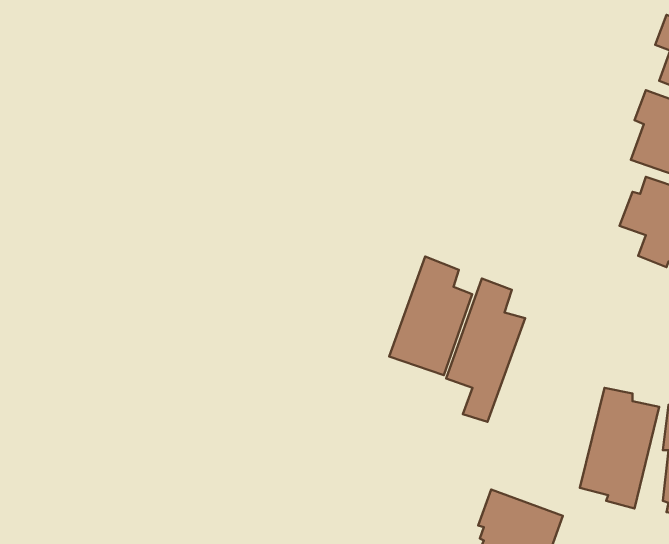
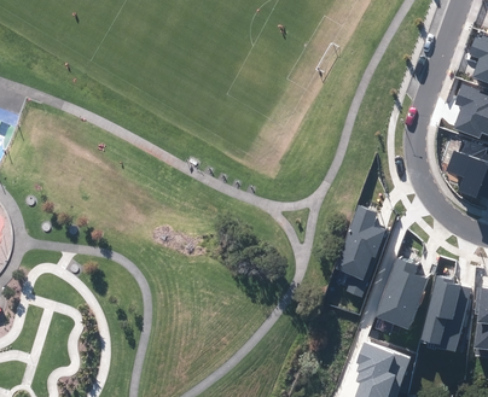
building: [389,257,472,375] -> [374,253,428,329]

